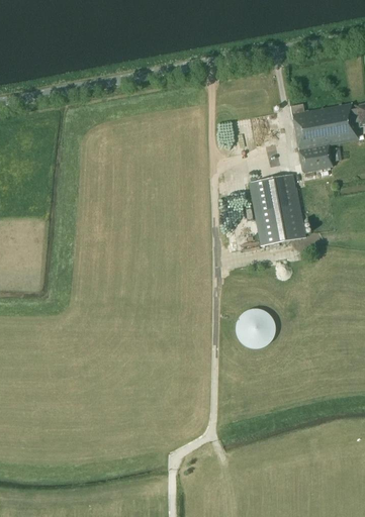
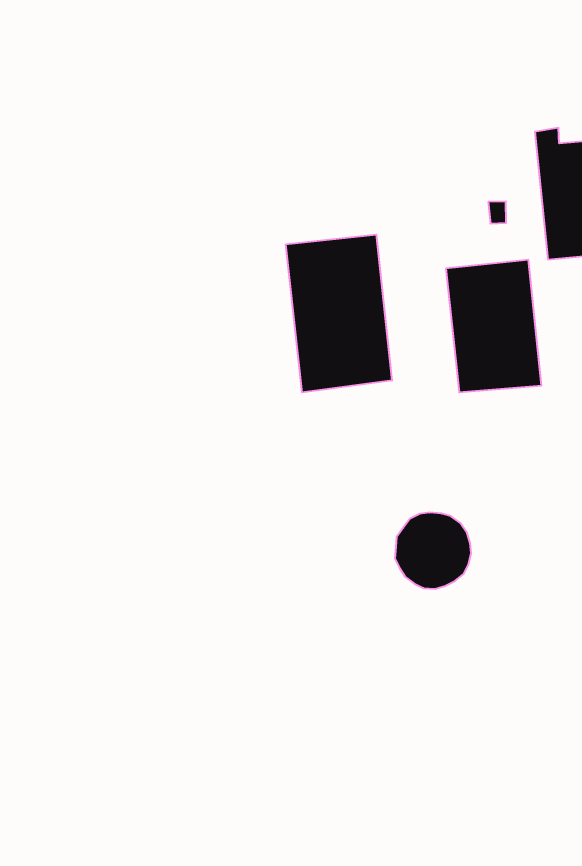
building: none -> [286,235,392,392]

